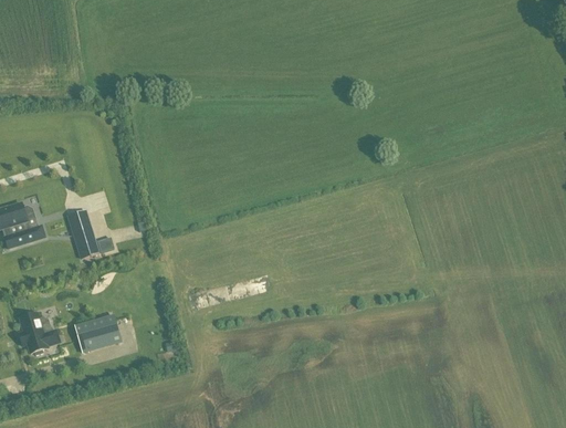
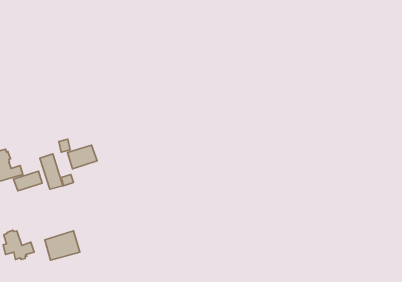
building: none -> [67,145,97,169]
building: none -> [14,171,42,191]

